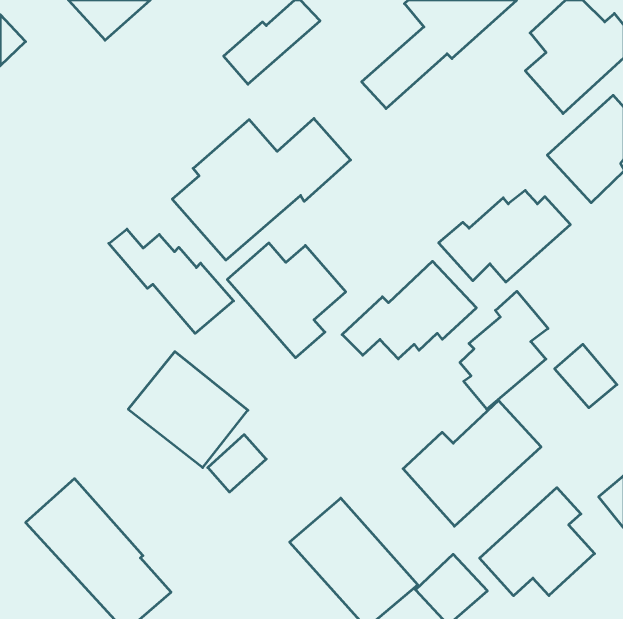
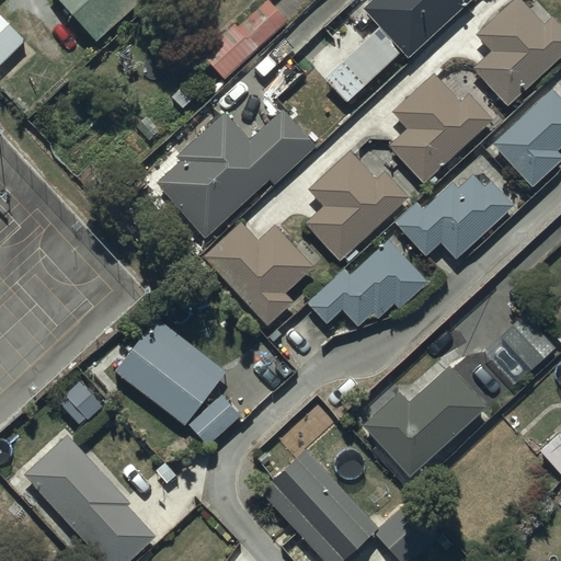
building: none -> [389,73,493,184]
building: none -> [306,152,409,261]
building: [109,229,234,333] -> none
building: [460,291,548,409] -> none
building: [480,488,595,596] -> none

